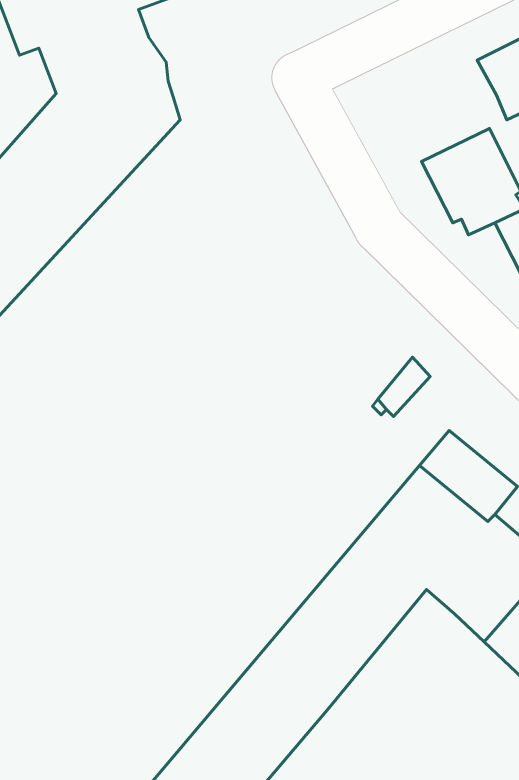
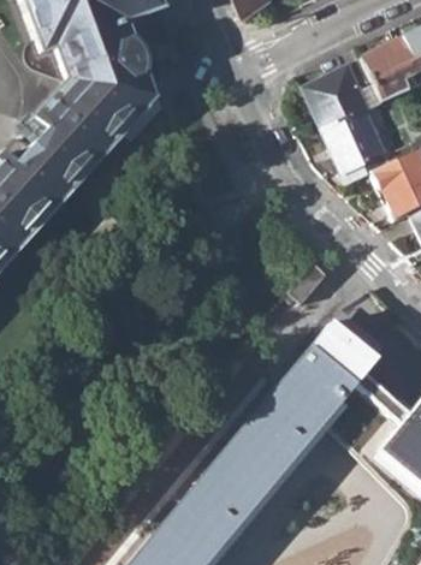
building: none -> [300,61,372,131]

